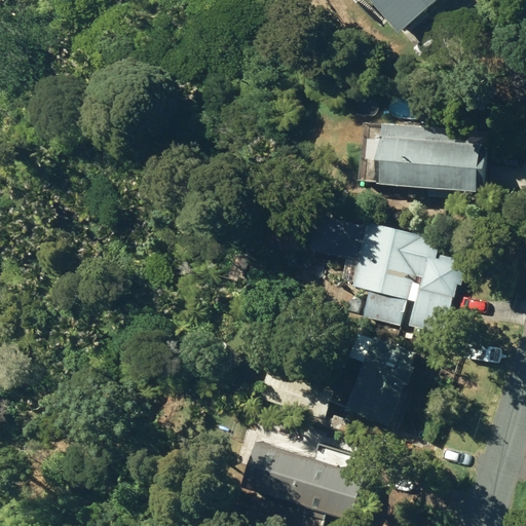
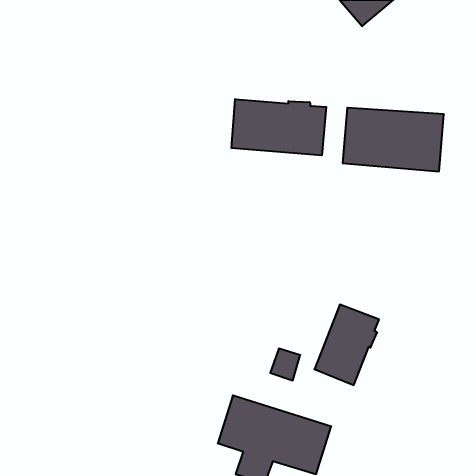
building: none -> [232,99,326,155]
building: [305,216,462,336] -> none

